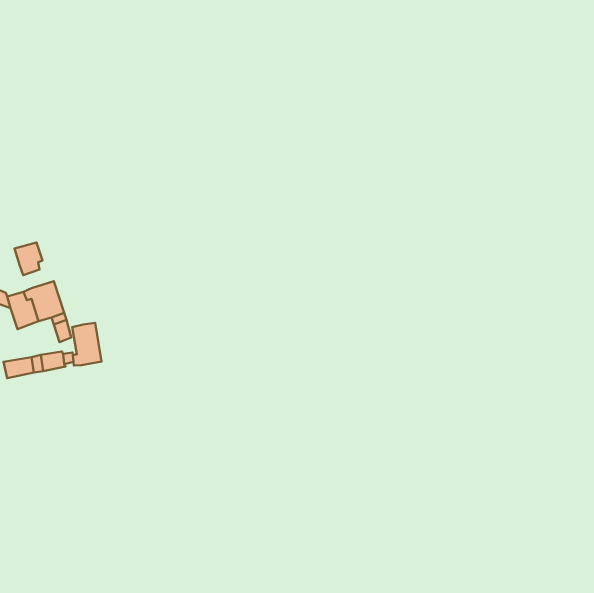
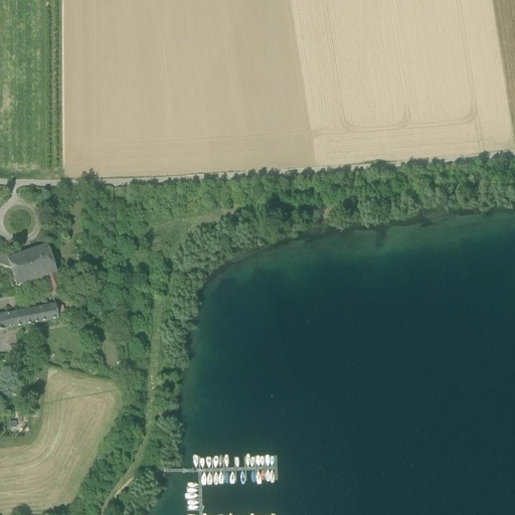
building: [14,242,43,275] -> none
building: [72,323,102,366] -> none

